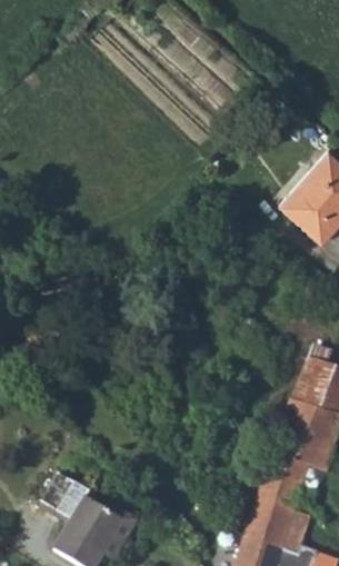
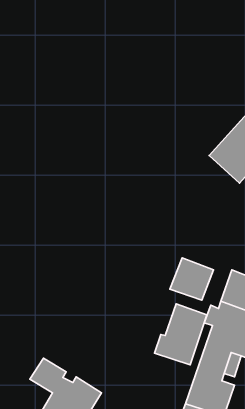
building: none -> [170,258,213,300]
building: none -> [154,304,207,365]

